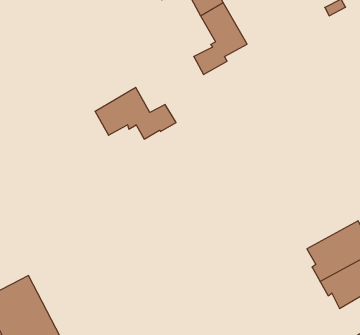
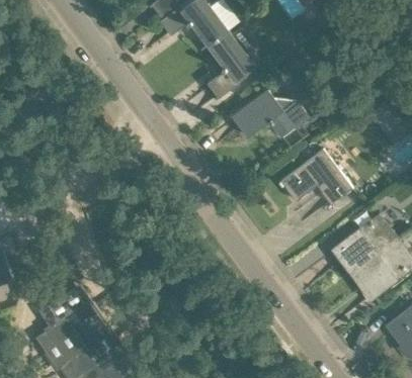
building: [95,87,176,139] -> [231,91,307,138]
building: none -> [278,150,351,206]

